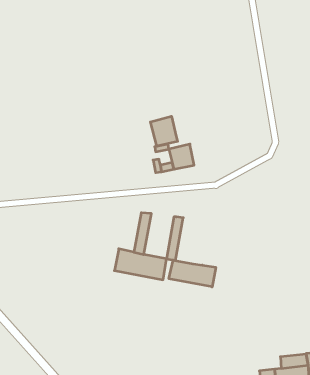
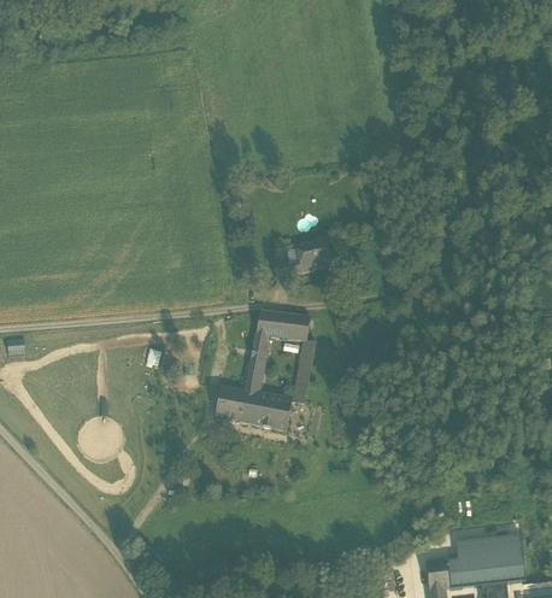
building: [150,116,178,146] -> none
building: none -> [256,310,310,340]
building: [169,260,216,287] -> none

